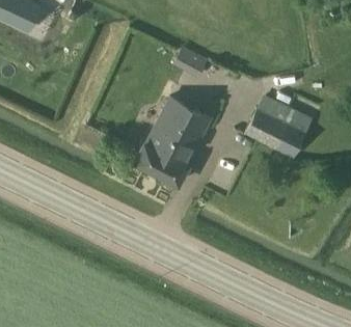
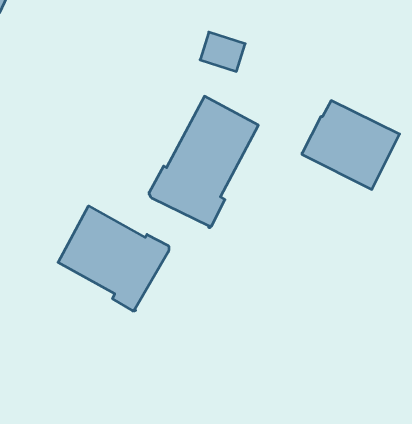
building: none -> [58,206,169,311]

